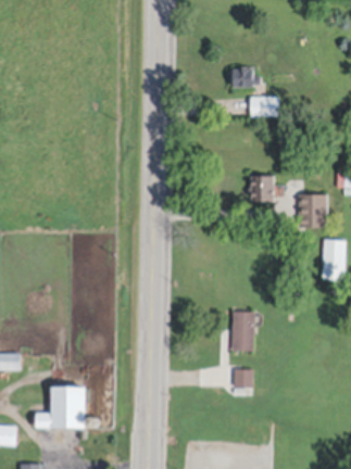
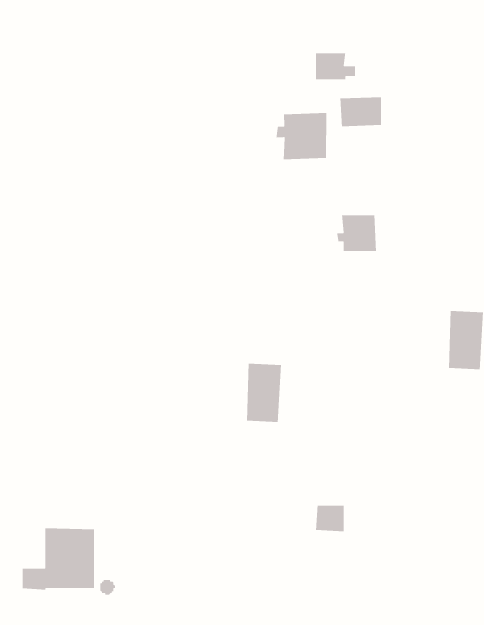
building: none -> [276,112,327,160]
building: [298,193,327,227] -> none
building: [230,310,254,351] -> [246,363,282,423]

